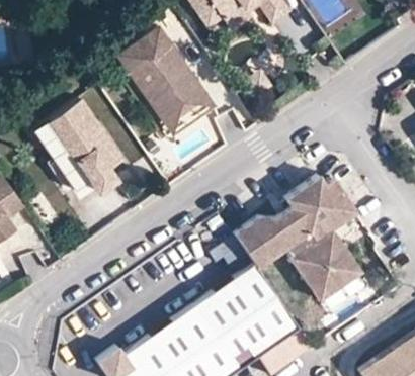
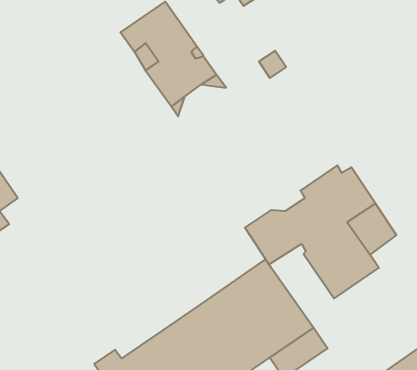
building: [31,99,117,193] -> none

